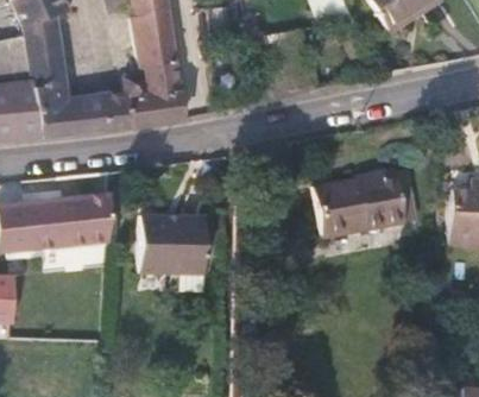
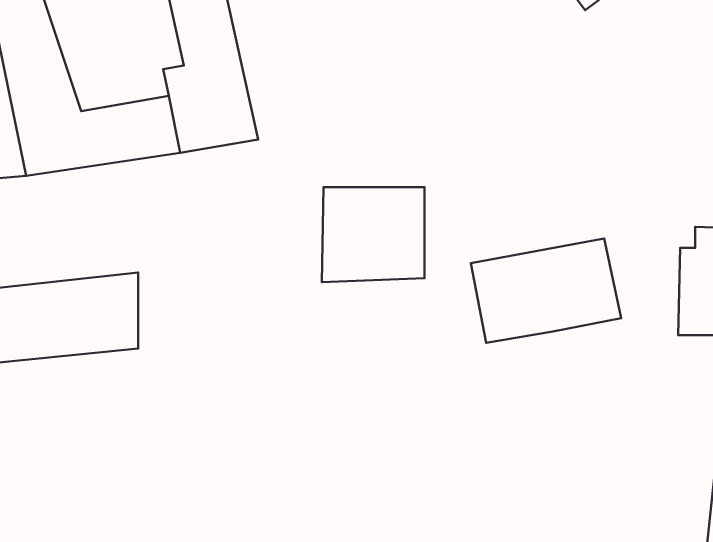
building: [149,220,213,279] -> [322,187,424,282]

